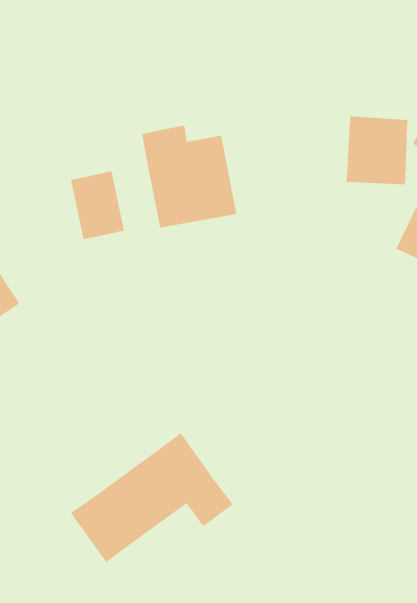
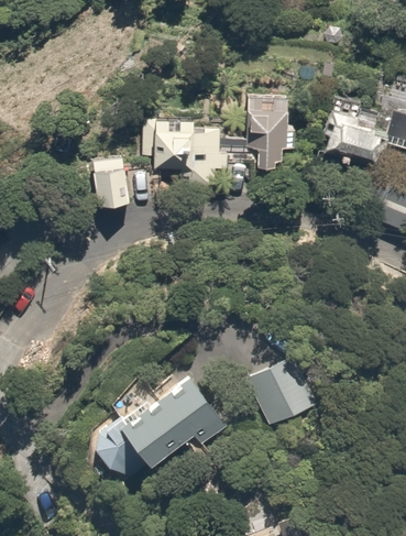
building: none -> [240,98,283,179]
building: none -> [248,360,301,419]

